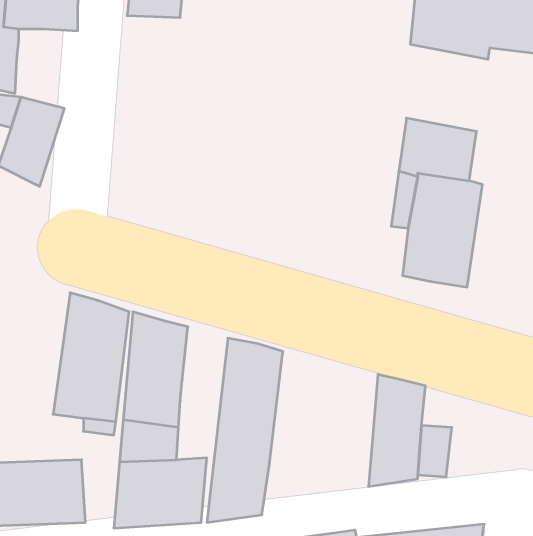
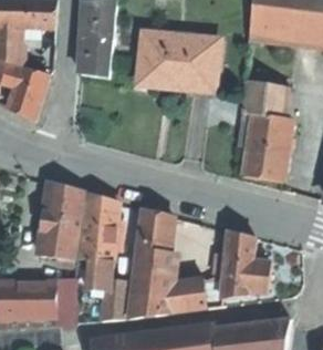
building: none -> [79,21,113,79]
building: none -> [137,33,217,91]
building: none -> [160,277,209,312]

